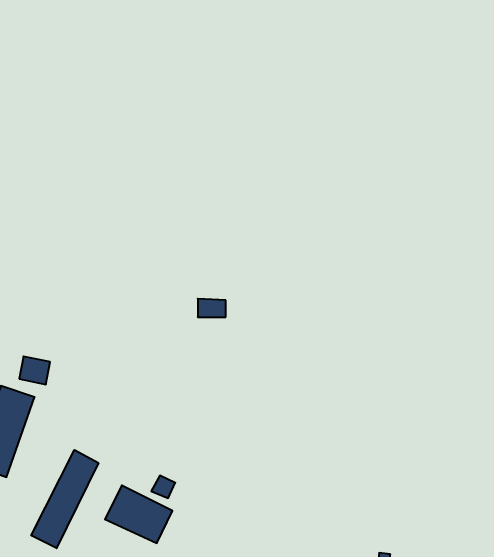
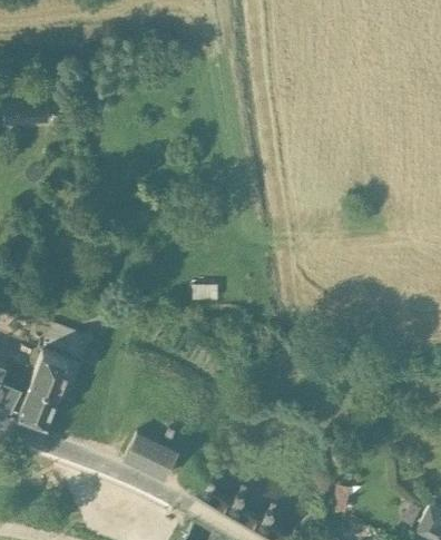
building: [31,450,98,548] -> none

